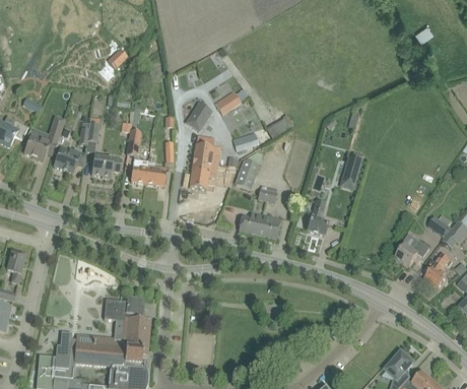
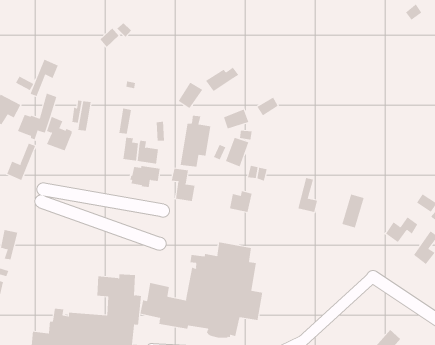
building: none -> [30,59,58,97]
building: [339,154,362,189] -> [341,194,365,228]
building: [90,155,122,178] -> [129,165,161,188]
building: none -> [6,143,36,181]
building: none -> [171,168,195,202]
building: [258,215,280,239] -> none
building: none -> [140,241,263,339]

